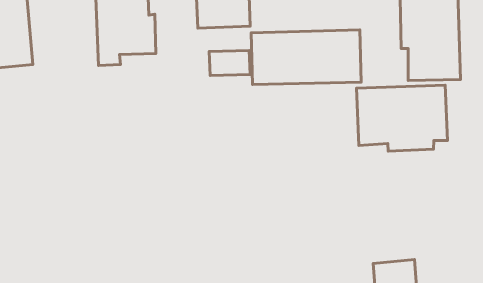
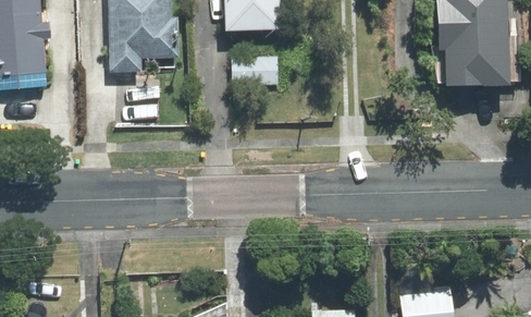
building: [251,30,361,84] -> none
building: [357,85,447,151] -> none

